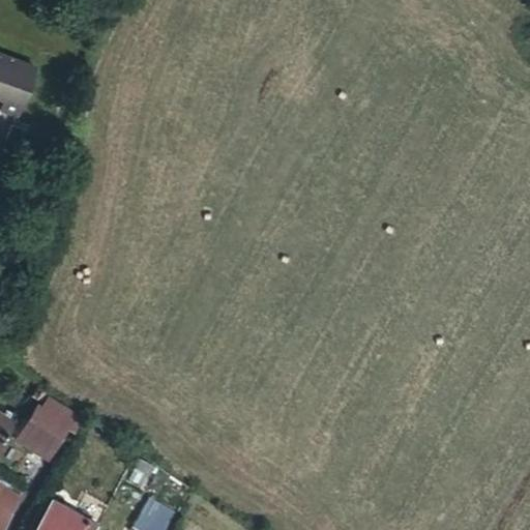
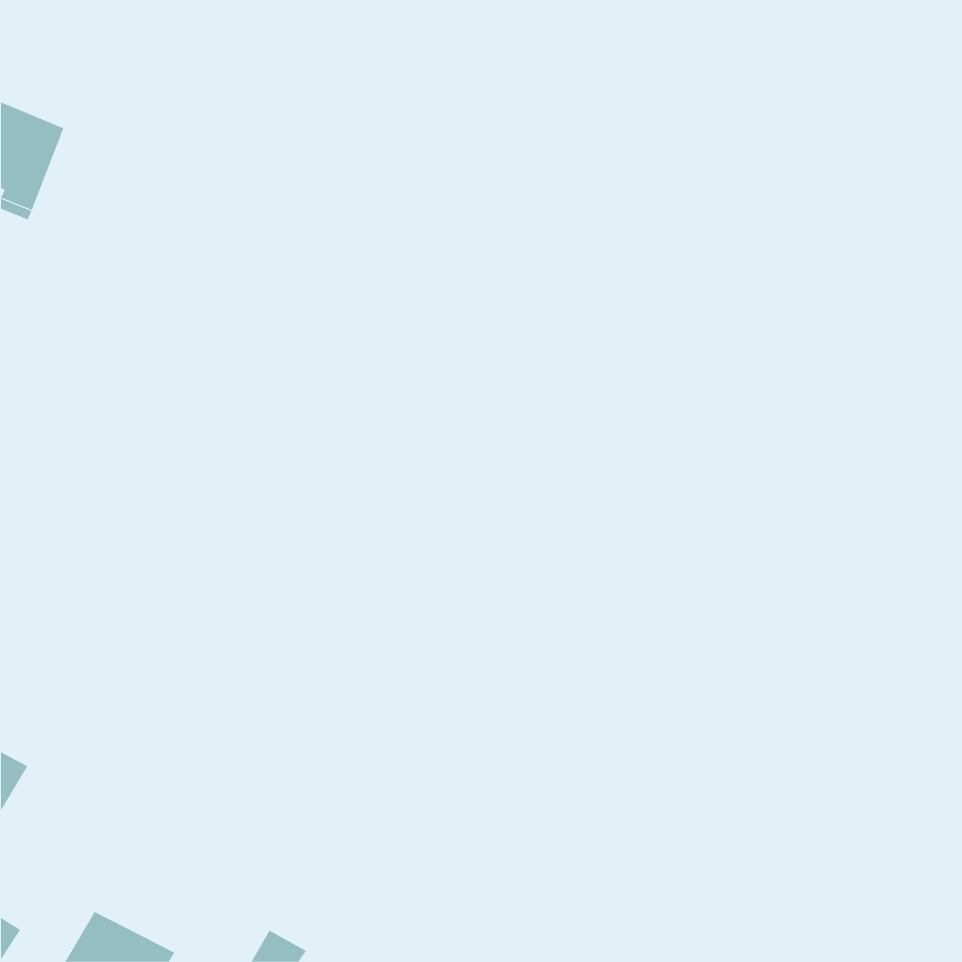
building: [18,405,71,452] -> none

